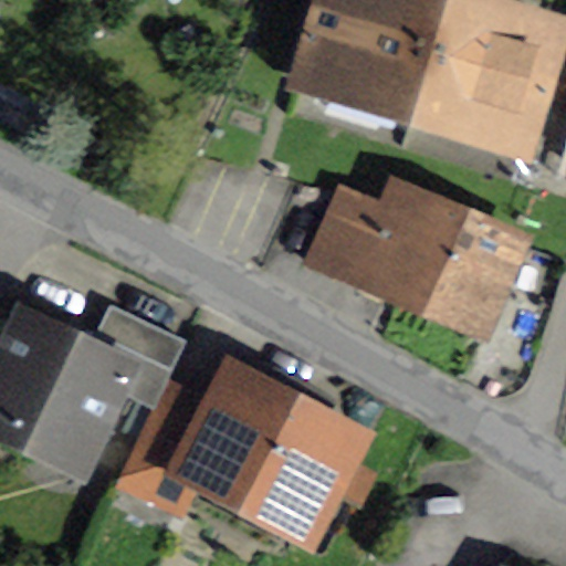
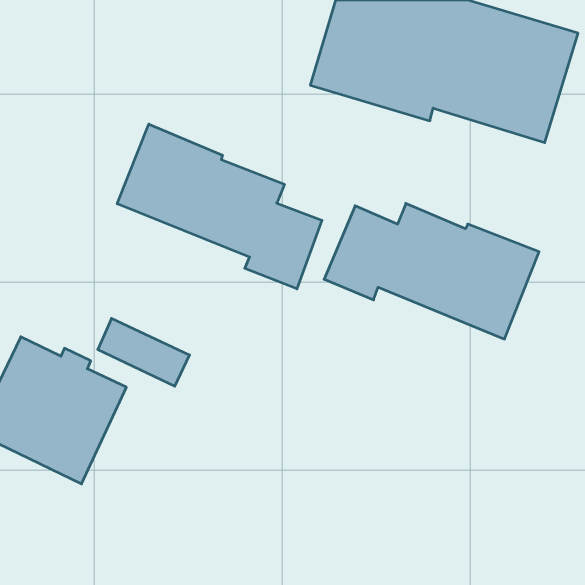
building: none -> [117,124,322,289]
building: [106,366,342,534] -> none

